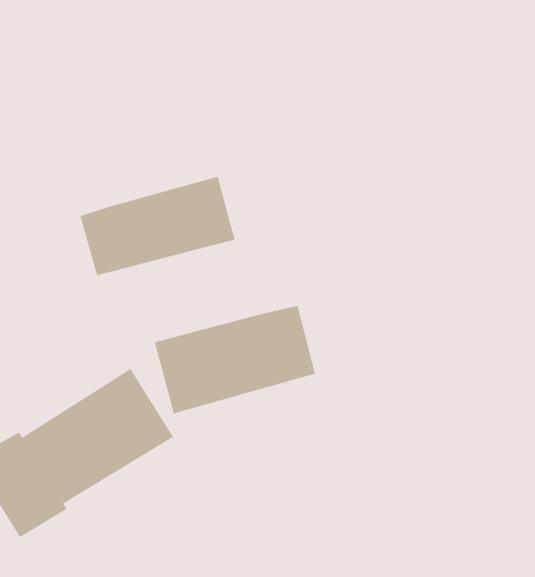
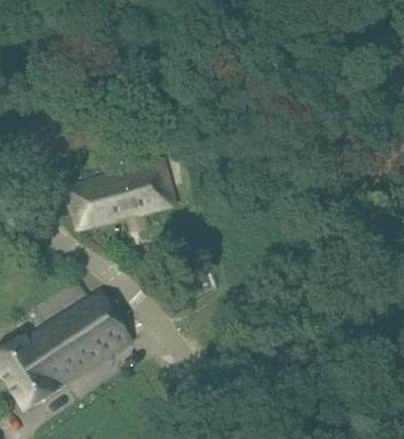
building: [154,305,315,414] -> none

